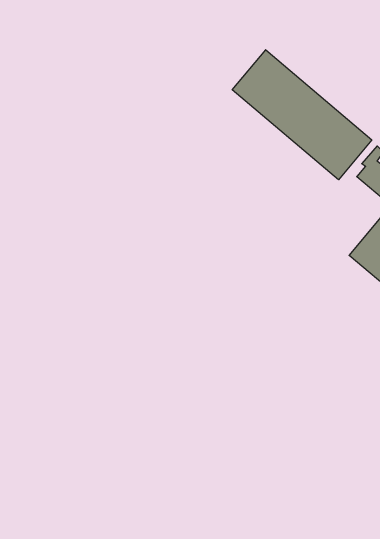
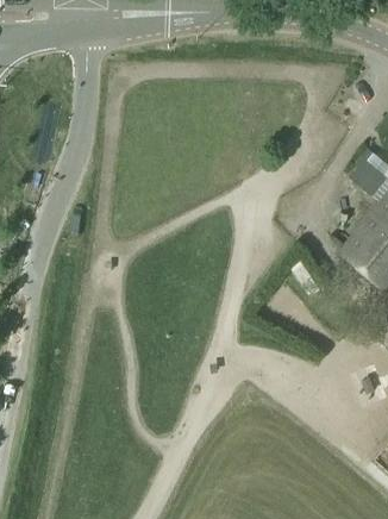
building: [232,50,372,180] -> none

